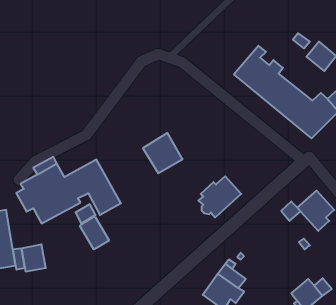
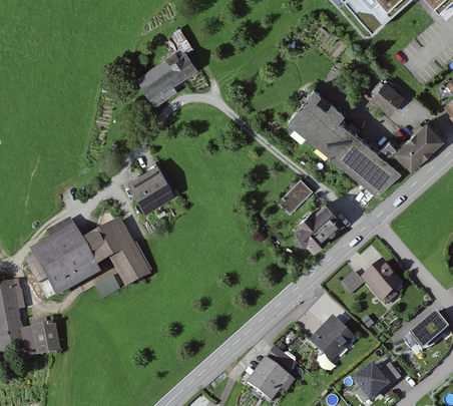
building: none -> [137,47,197,104]
building: none -> [278,178,314,214]
building: [143,133,183,173] -> [128,164,175,213]
building: [198,176,241,217] -> [294,201,345,251]
building: [80,217,109,249] -> none
building: none -> [310,317,355,361]

